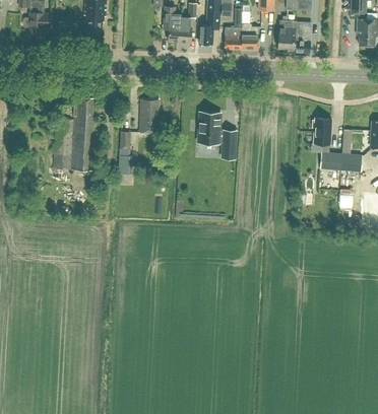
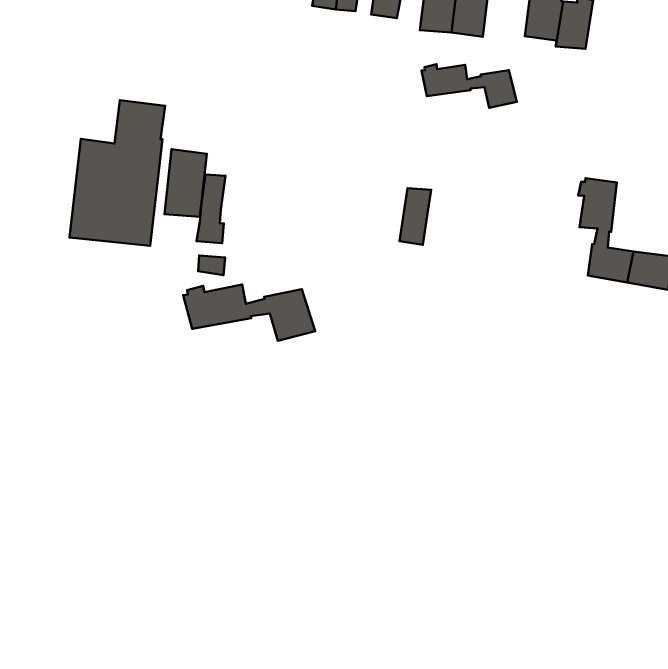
building: none -> [421,64,517,108]
building: [139,98,159,132] -> [164,149,207,217]
building: [198,112,219,143] -> none
building: none -> [183,285,315,341]

